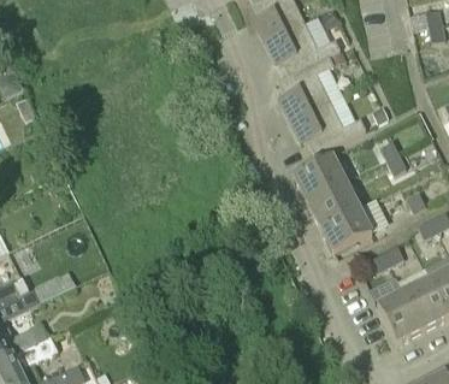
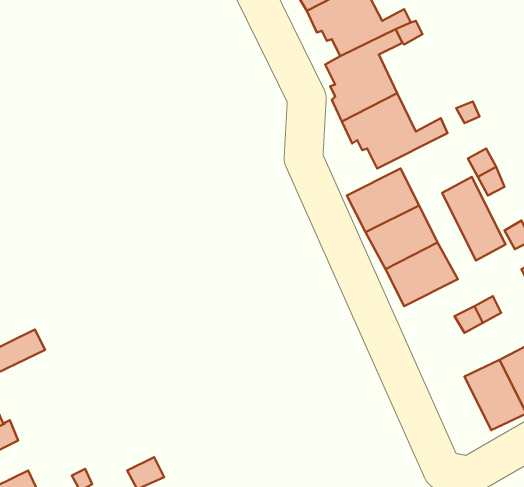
building: none -> [442,177,506,260]

